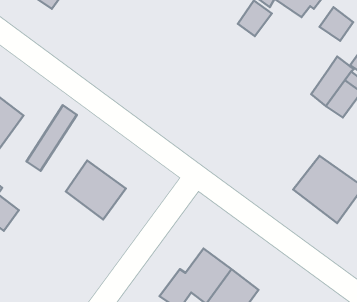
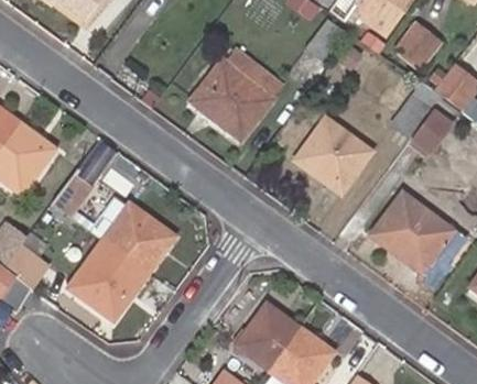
building: none -> [191,44,284,139]
building: none -> [296,117,370,191]
building: none -> [68,238,148,317]

